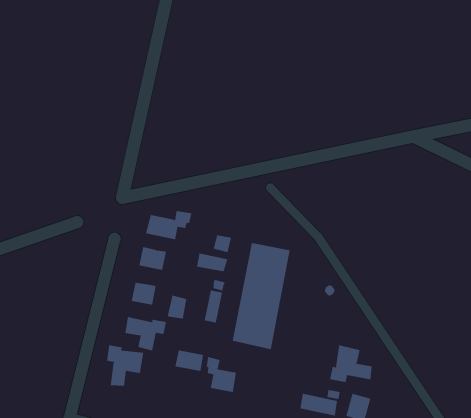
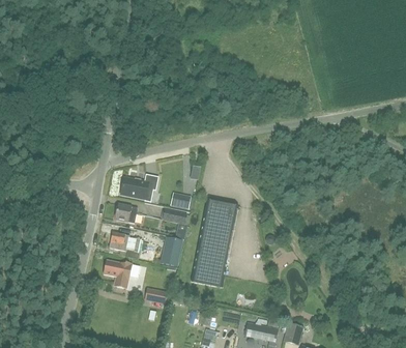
building: [106,345,144,387] -> none
building: [329,345,372,383] -> none
building: [206,356,236,393] -> none

